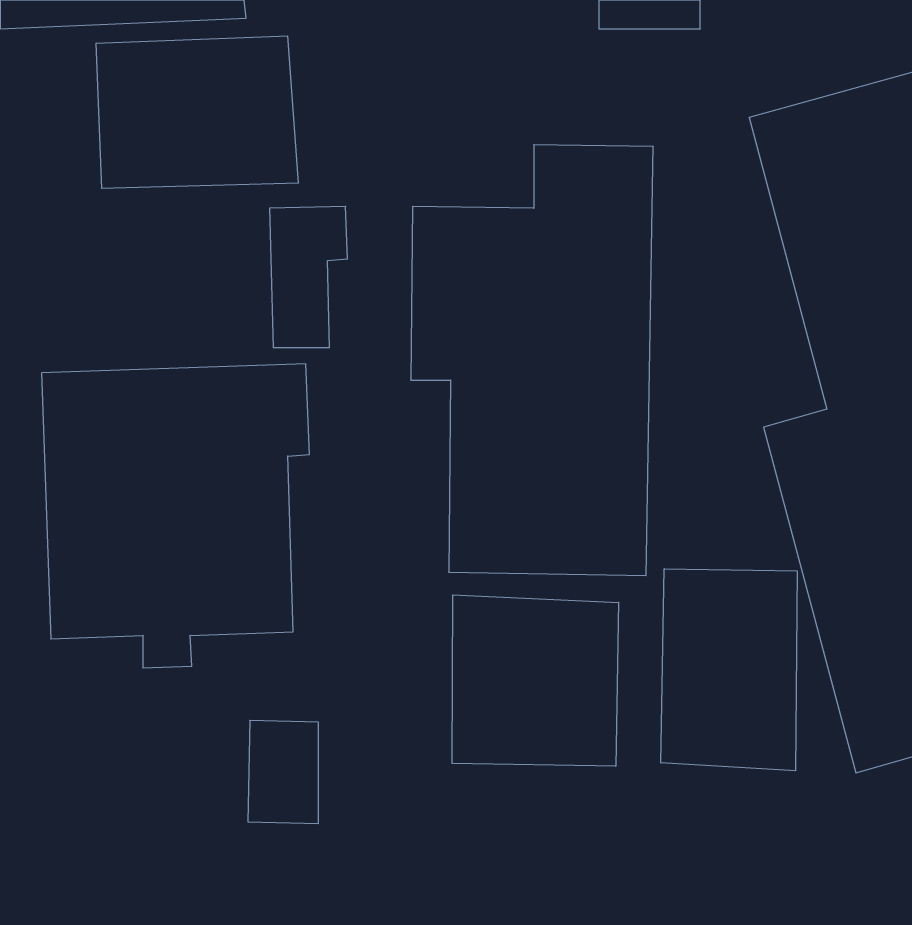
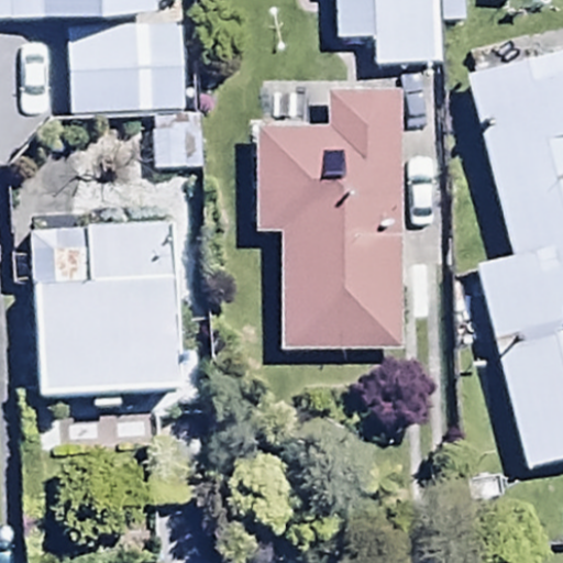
building: [661,569,797,771] -> none
building: [452,595,619,766] -> none

